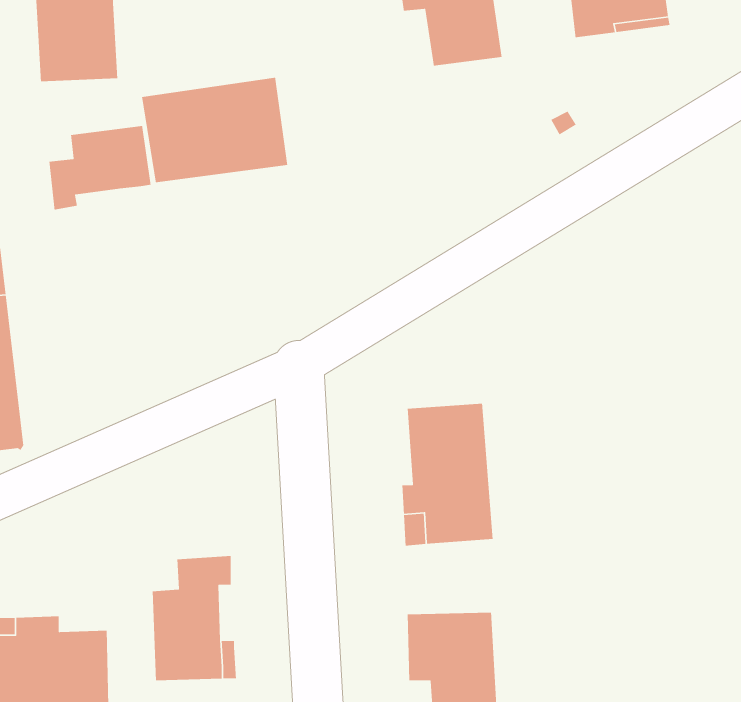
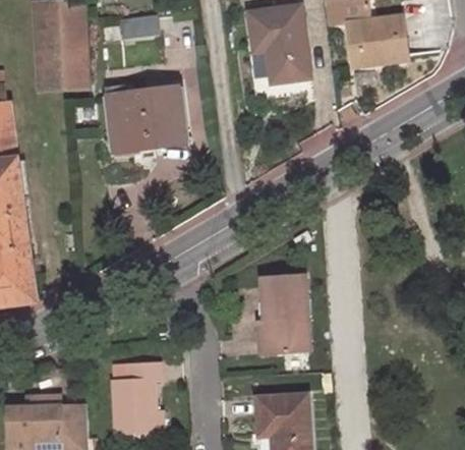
building: [48,125,152,210] -> none

